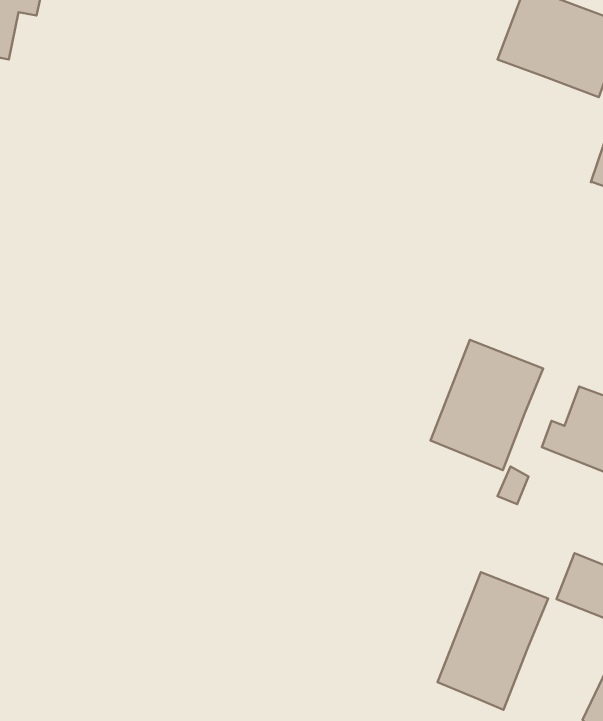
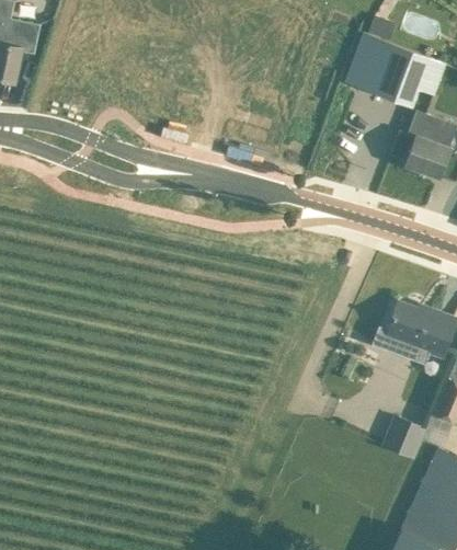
building: [431,340,543,470] -> none
building: [438,572,548,710] -> none

